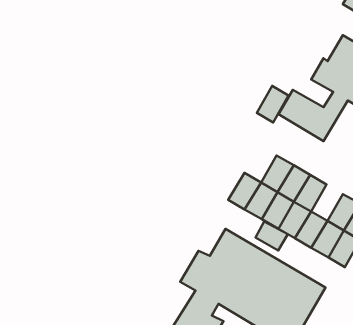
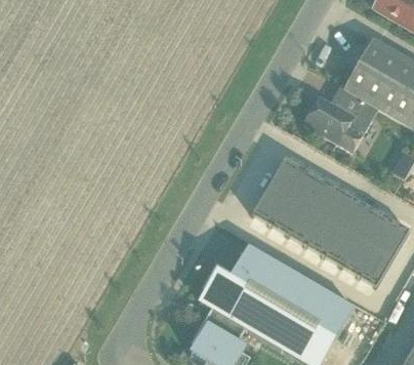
building: [257,86,289,123] -> [268,156,302,195]
building: none -> [339,197,373,236]
building: [255,222,288,250] -> none

